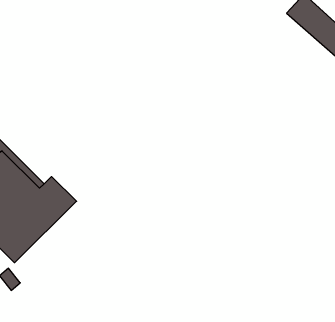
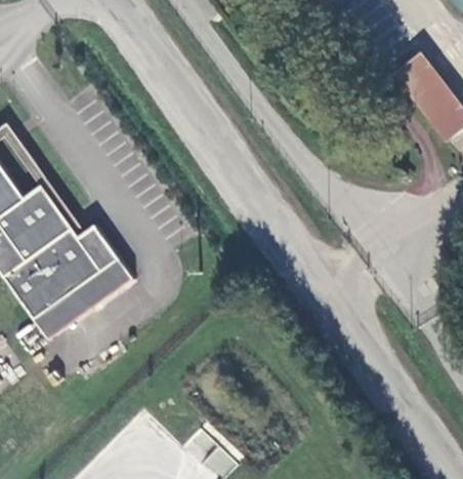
building: none -> [32,256,131,338]

